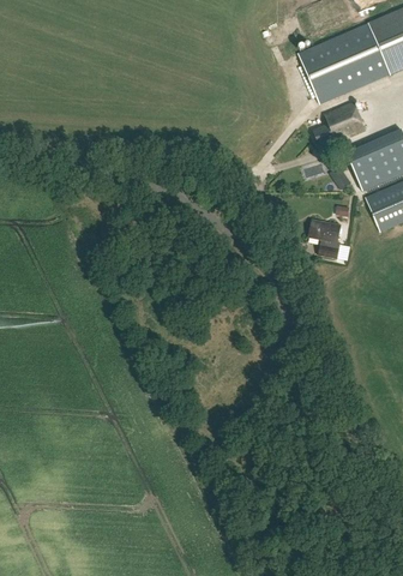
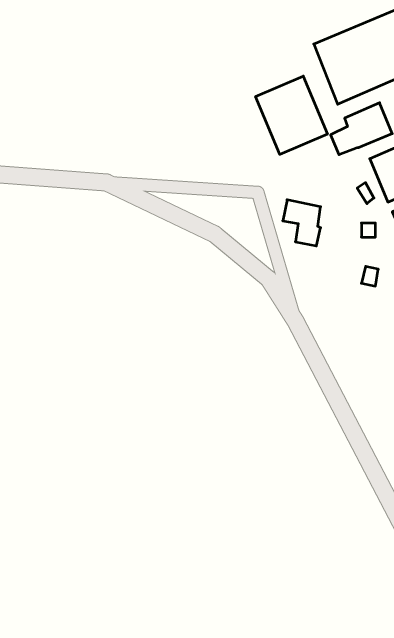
building: none -> [256,76,327,154]
building: [307,217,339,257] -> [283,200,321,246]

